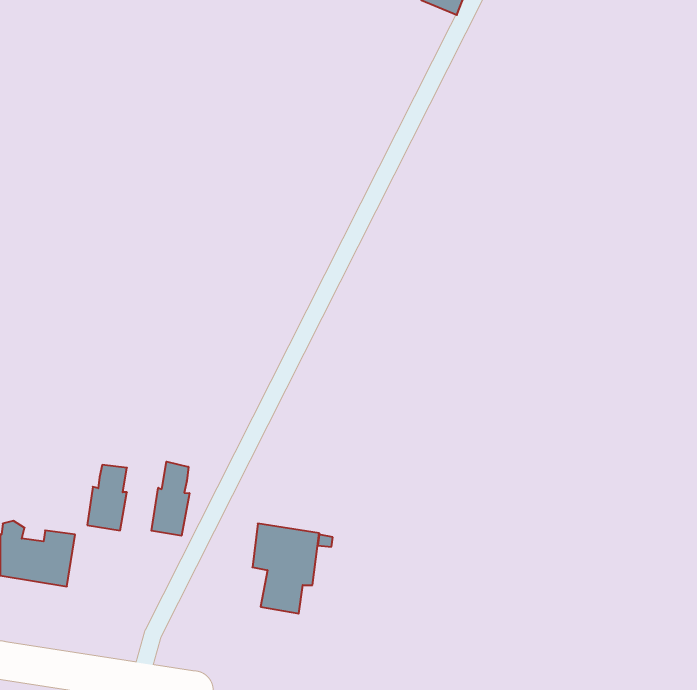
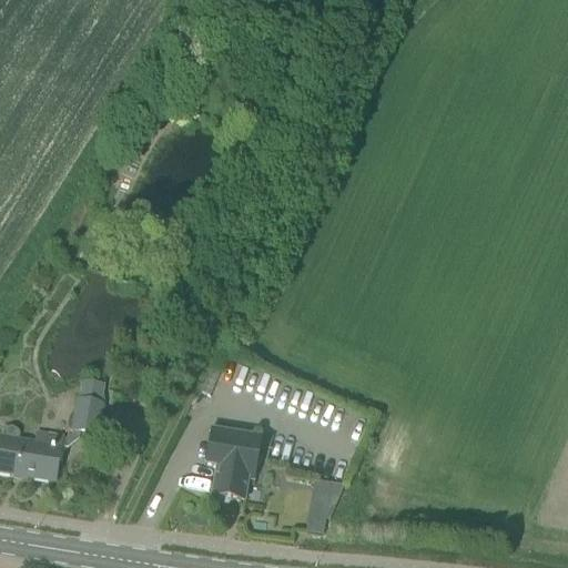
building: [151,462,189,536] -> none
building: none -> [305,478,345,532]

